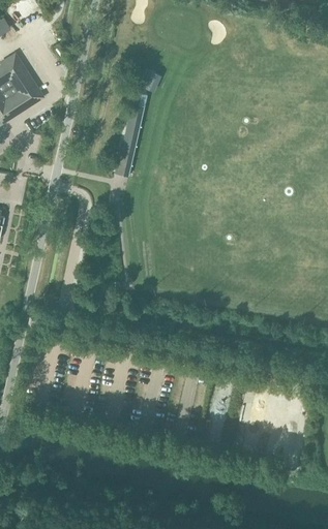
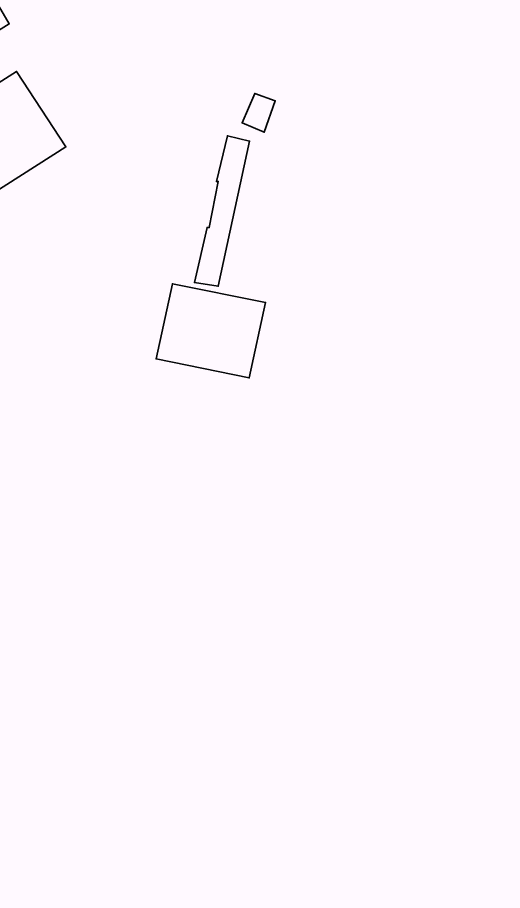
building: none -> [156,284,265,378]

